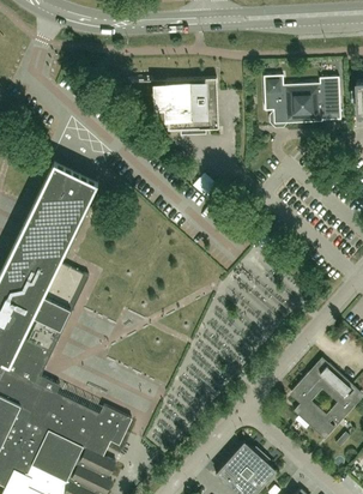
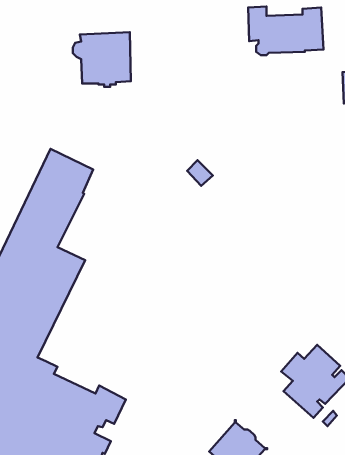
building: [264,76,341,126] -> [248,6,323,55]
building: [158,78,218,134] -> [73,32,131,87]

